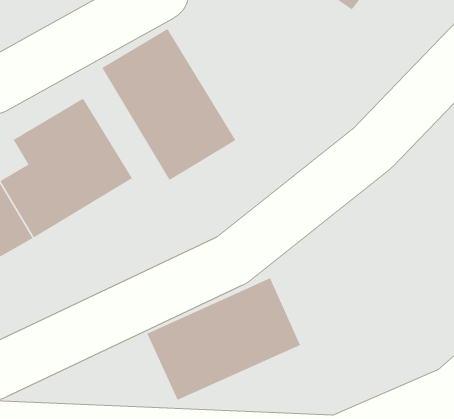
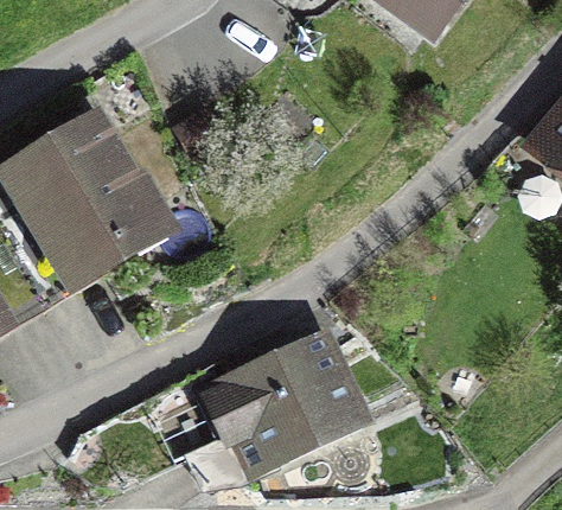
building: [101,28,236,181] -> none

